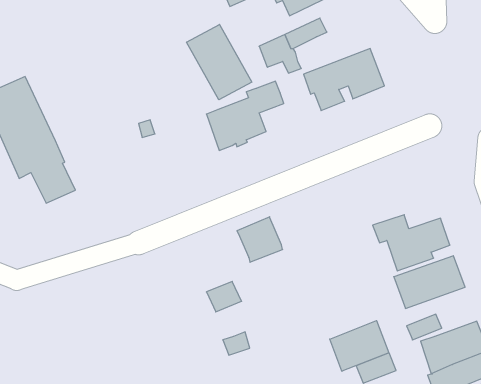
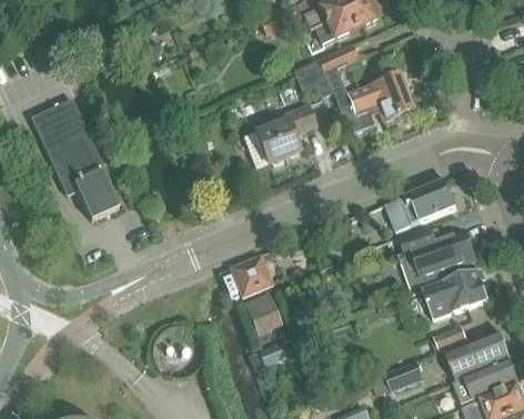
building: [187,24,252,100] -> none
building: none -> [386,178,457,231]
building: [237,217,283,262] -> [230,253,273,296]
building: [330,321,389,371] -> none

